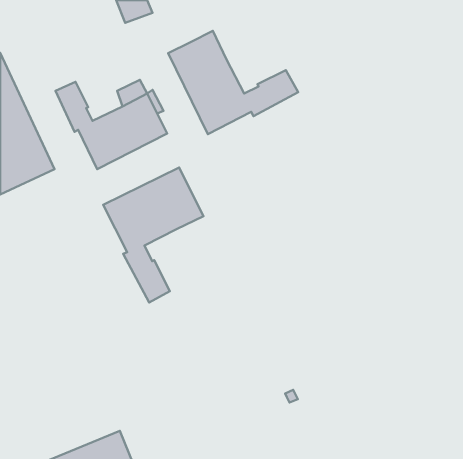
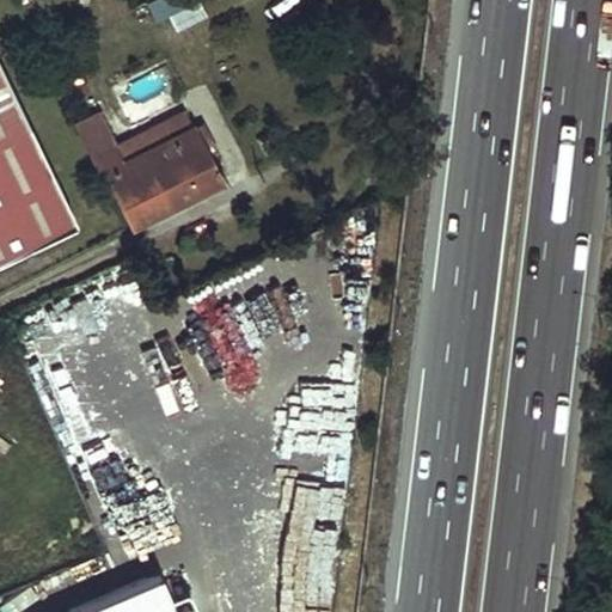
building: [168,31,298,134] -> none
building: [103,167,203,303] -> none

